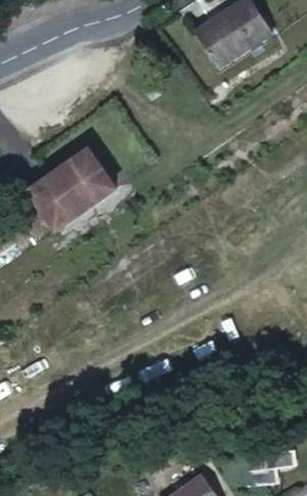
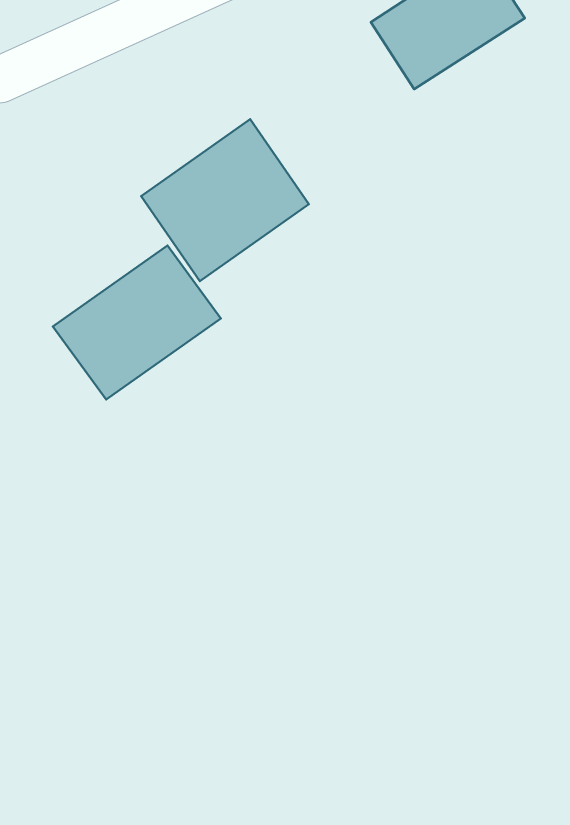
building: none -> [141,119,309,281]

